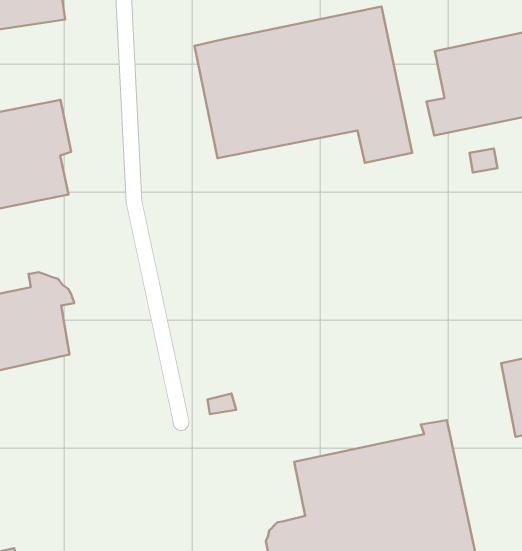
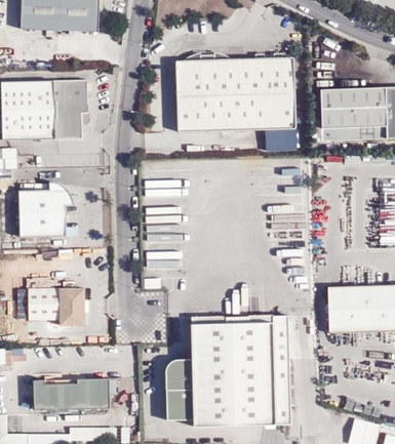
building: none -> [28,287,85,325]

